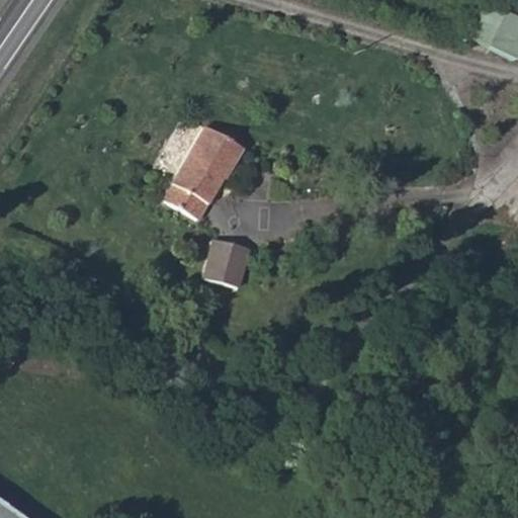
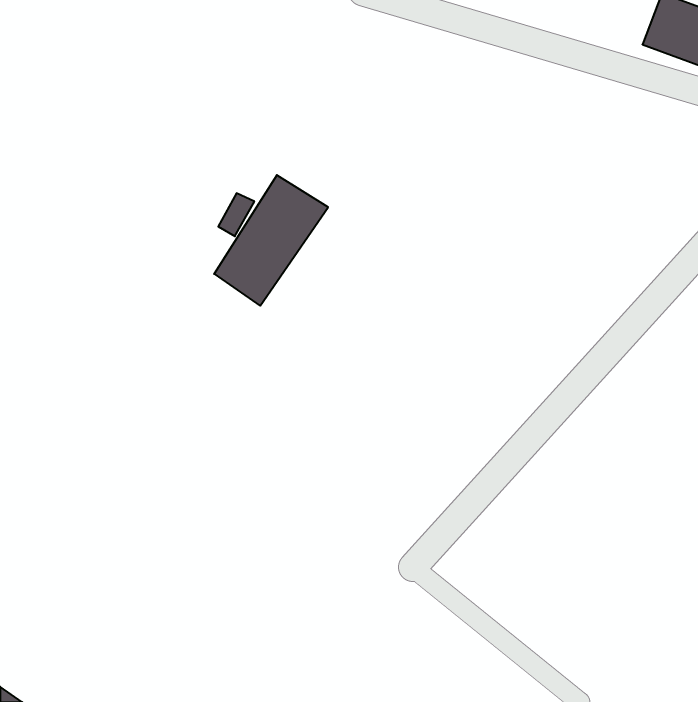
building: [204,237,244,276] -> none

